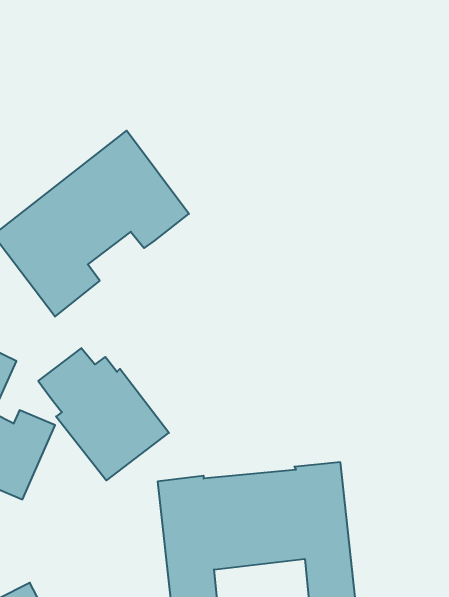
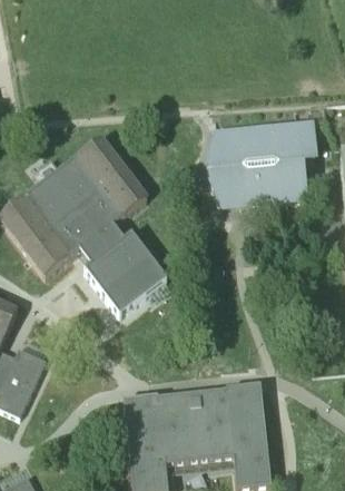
building: none -> [204,121,314,200]
building: [38,348,169,480] -> [69,210,167,310]

